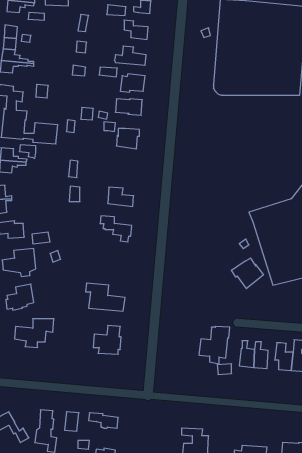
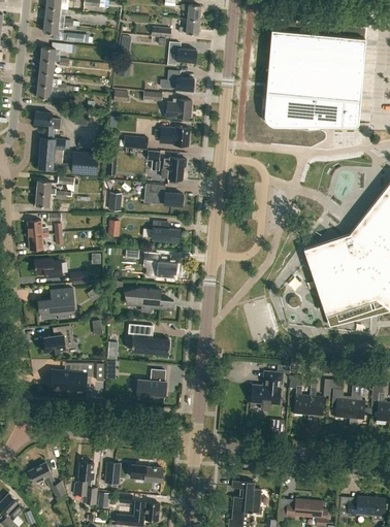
building: none -> [148,185,183,206]
building: none -> [125,287,173,311]
building: [231,258,263,289] -> none

